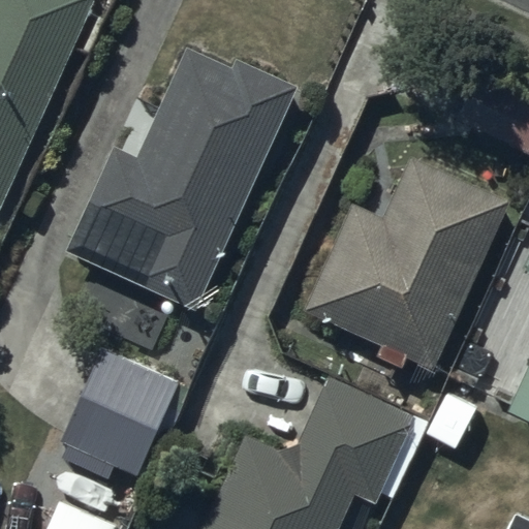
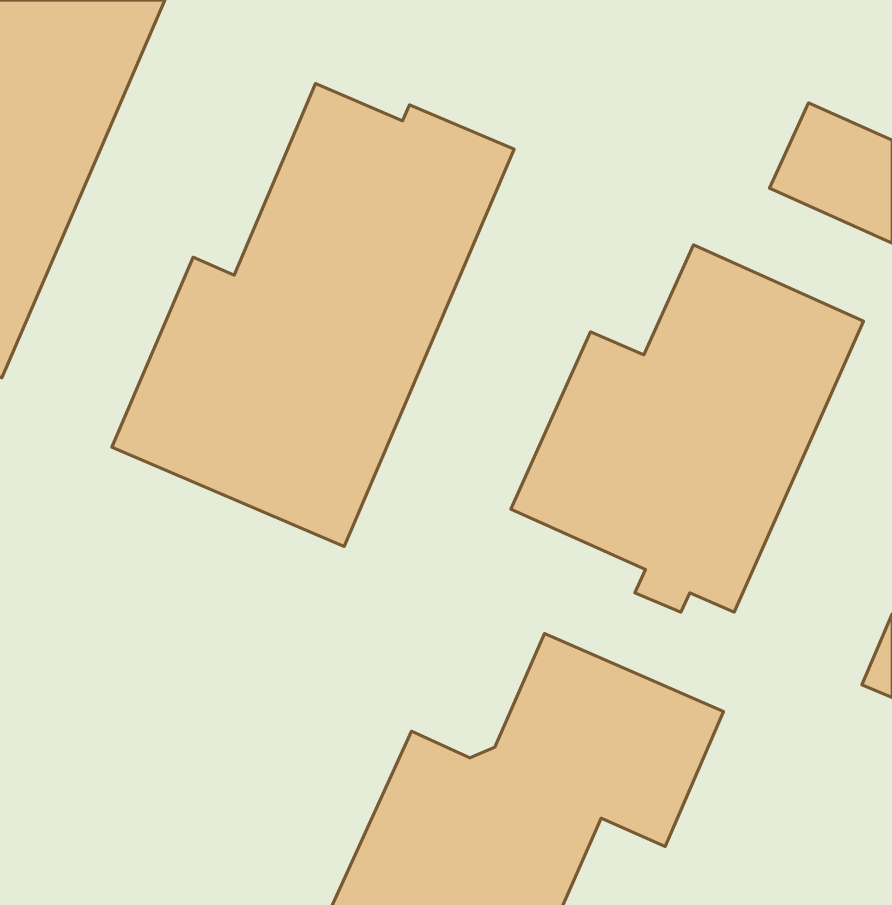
building: [61,354,182,487] -> none

